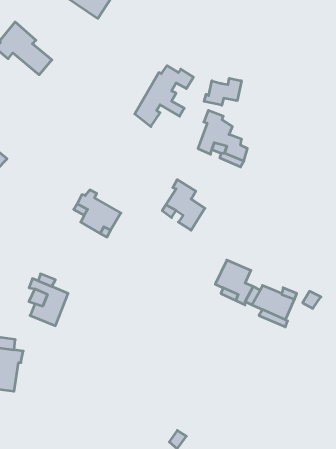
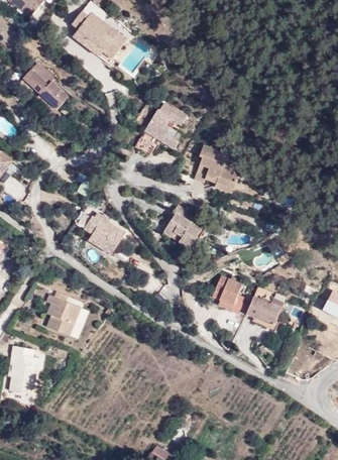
building: [204,78,241,105] -> none

